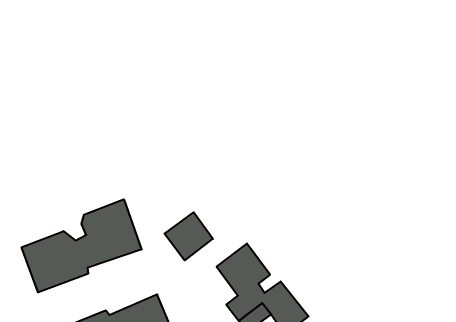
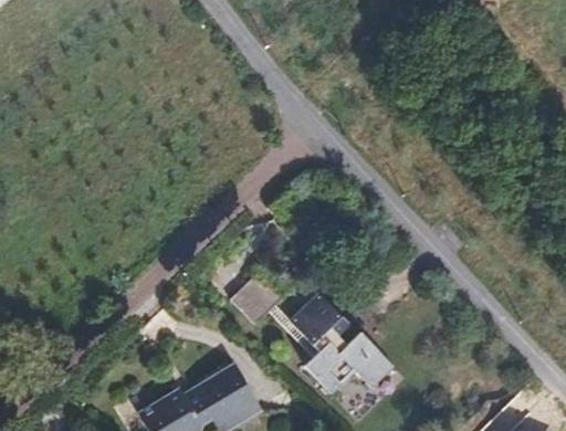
building: [22,199,142,292] -> none

